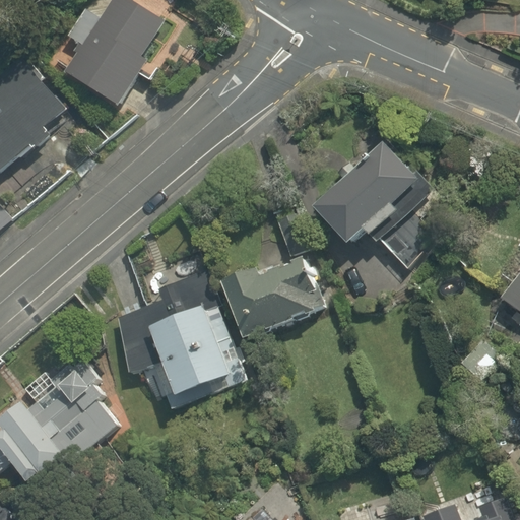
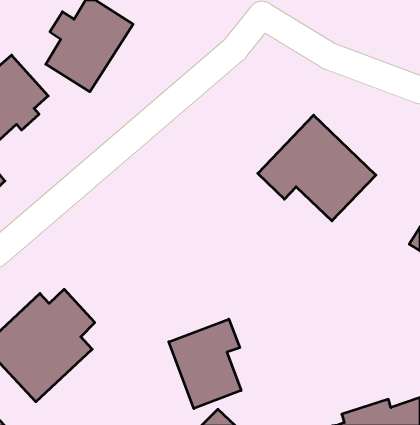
building: [111,255,322,403] -> none
building: none -> [169,319,241,409]

